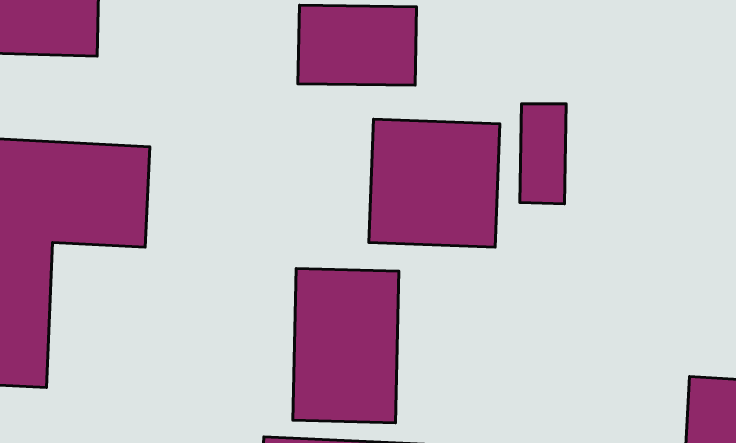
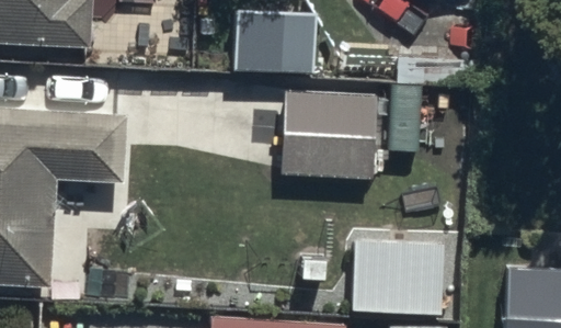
building: [293,269,399,423] -> none
building: none -> [348,237,442,313]

